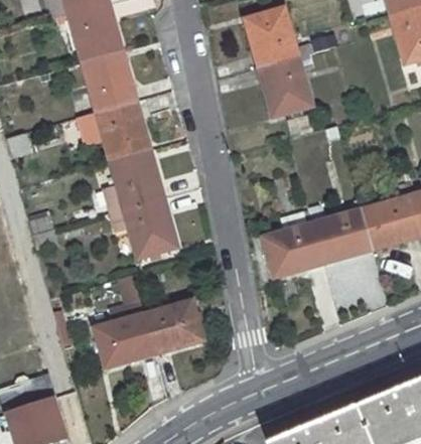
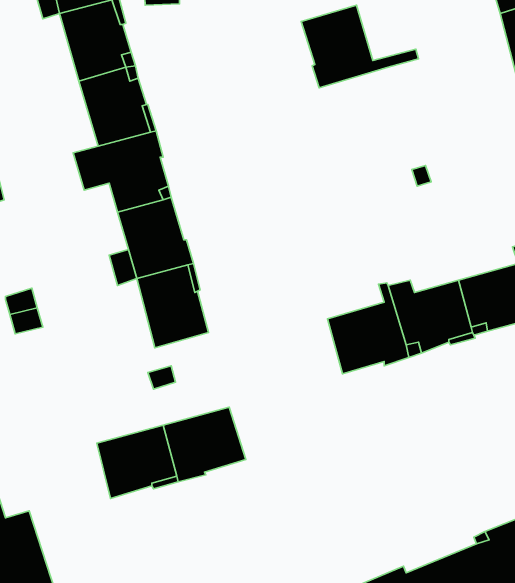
building: [258,54,313,118] -> none

